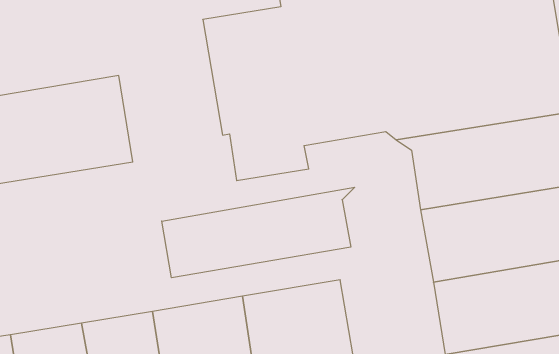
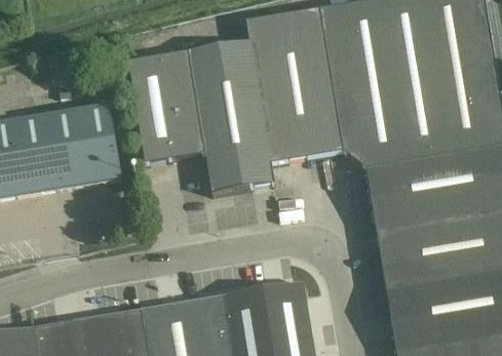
building: none -> [127,52,200,163]
building: [162,187,355,278] -> none

